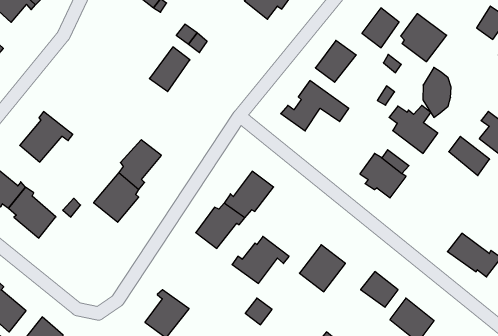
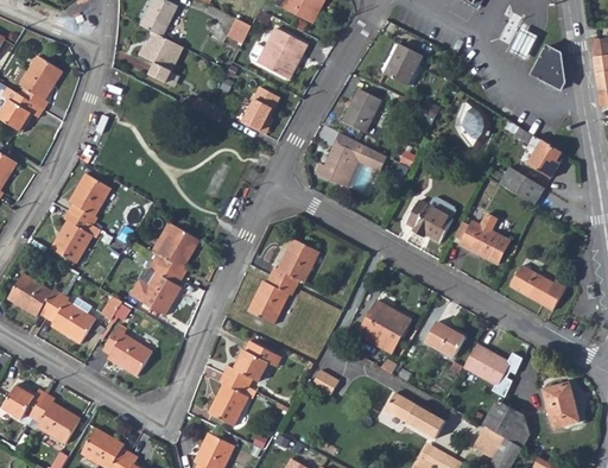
building: [401,14,447,62] -> none
building: [149,47,190,92] -> [240,87,279,134]
building: none -> [65,172,109,224]
building: [389,105,438,153] -> [456,214,509,264]
building: none -> [103,325,153,375]
building: [232,236,289,283] -> [220,342,278,392]

